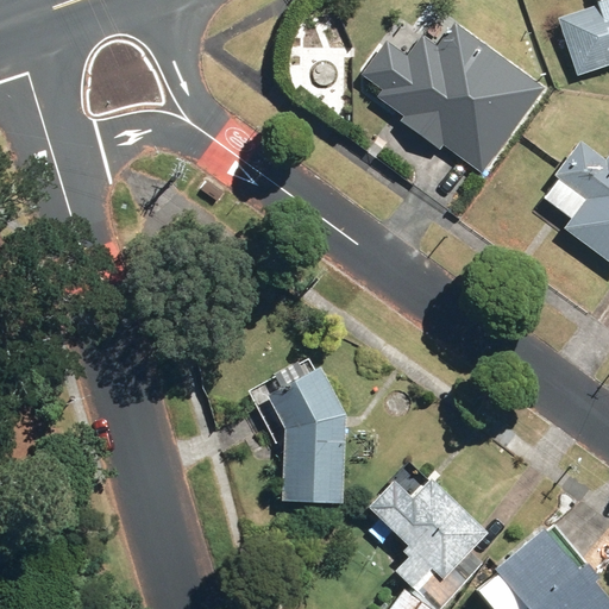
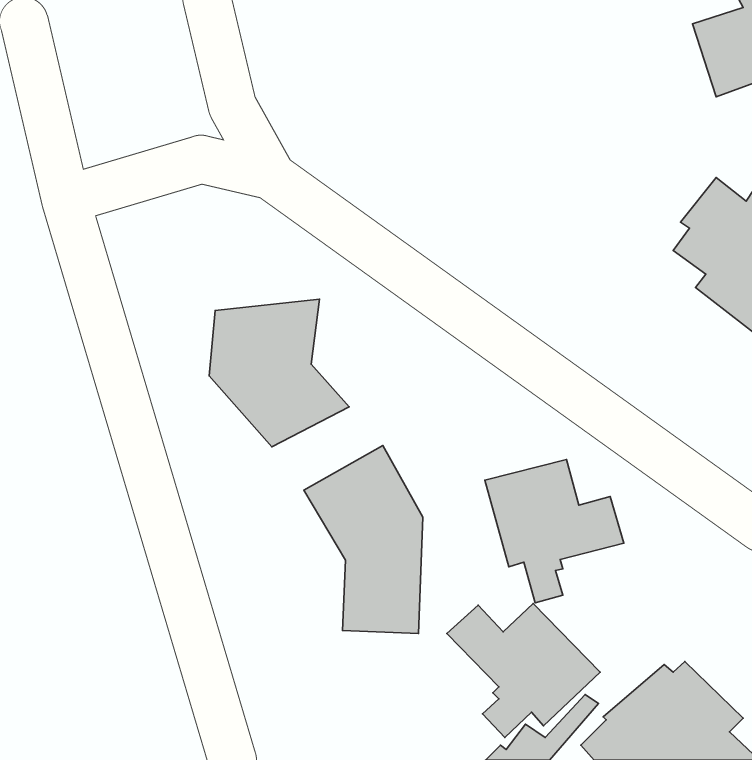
building: [366,21,546,174] -> none
building: none -> [209,299,349,447]
building: none -> [485,460,624,603]

